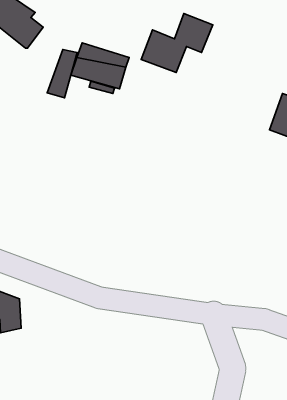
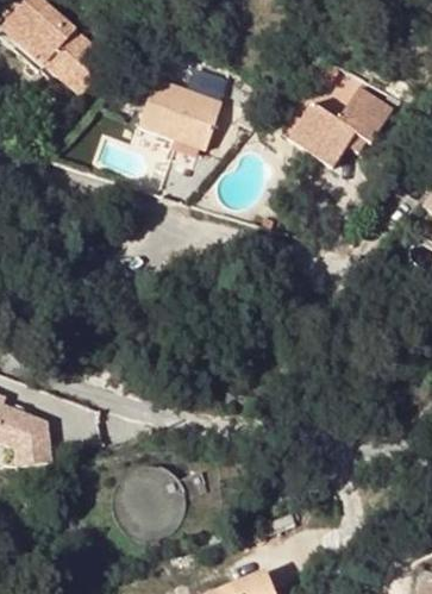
building: [141,13,213,73] -> [299,87,396,168]
building: [47,50,77,98] -> none

